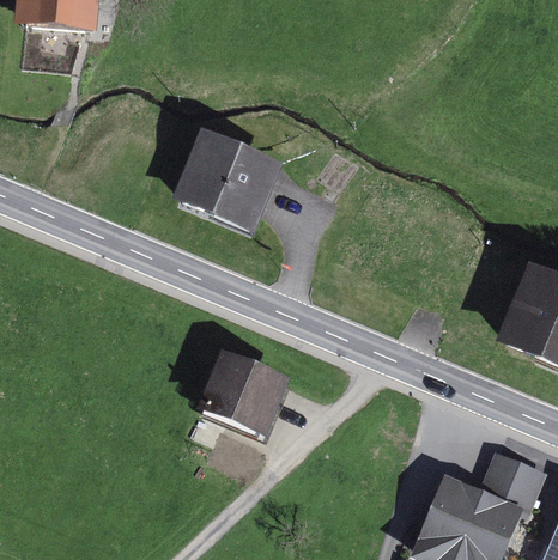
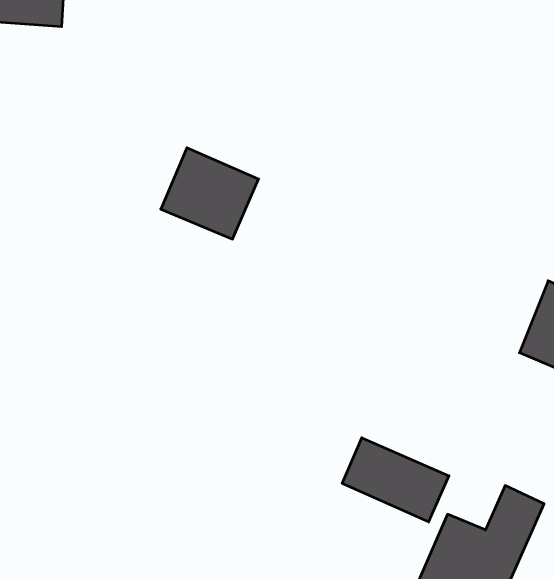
building: [207,354,279,426] -> none
building: none -> [342,438,449,522]

